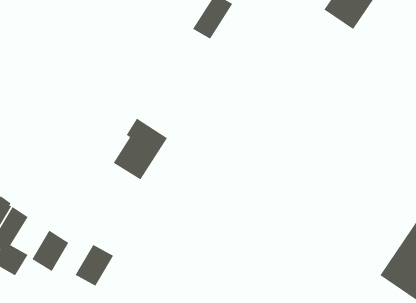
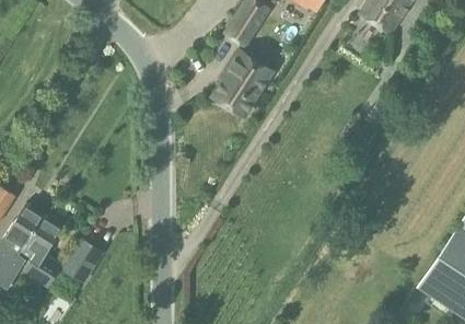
building: [113,118,168,180] -> [214,49,270,113]
building: [75,244,114,287] -> none

